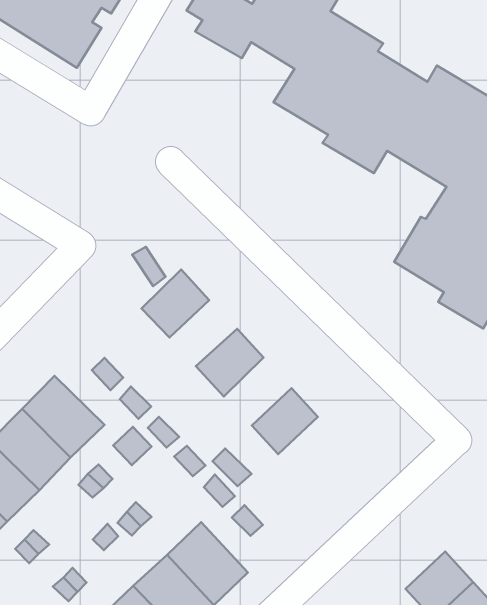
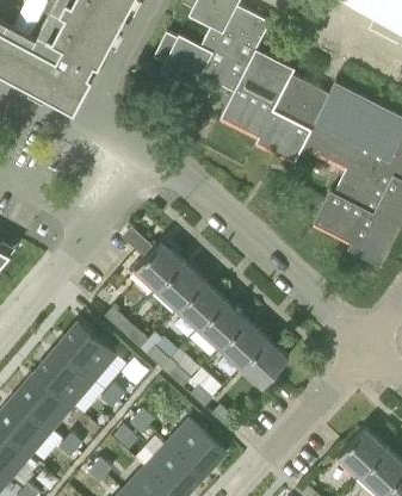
building: none -> [157,262,205,310]
building: none -> [199,300,247,349]
building: none -> [241,340,289,389]

